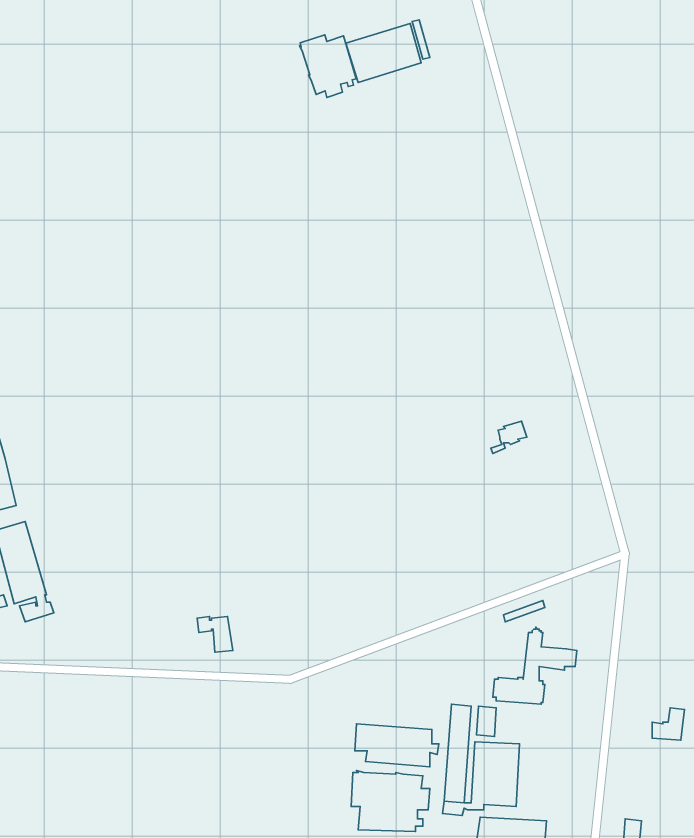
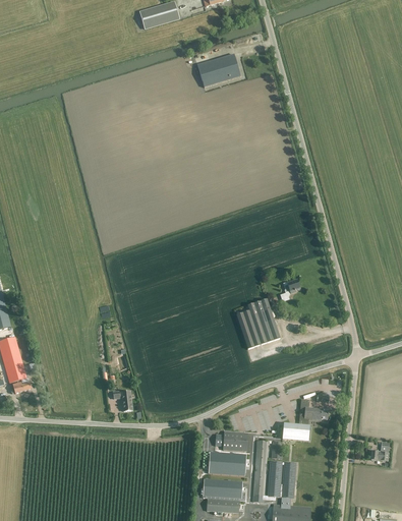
building: [299,35,356,98] -> none
building: none -> [236,298,280,348]
building: none -> [223,430,248,451]

